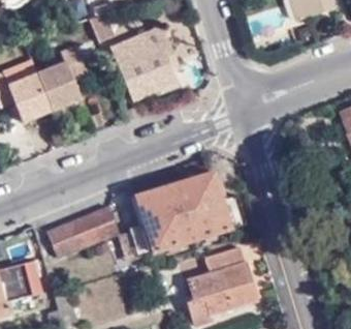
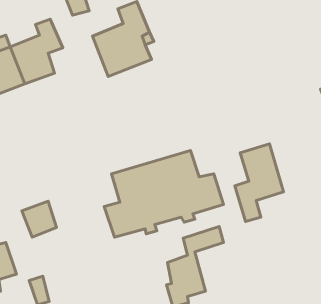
building: none -> [235,144,283,221]
building: [73,208,117,247] -> none
building: [217,262,255,309] -> none

